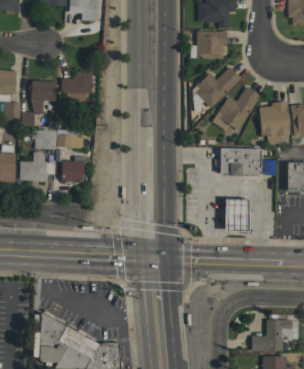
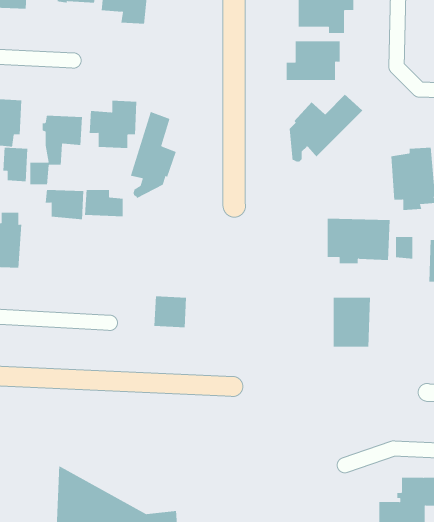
building: none -> [130,111,177,199]
building: [215,86,260,130] -> none
building: [19,151,55,181] -> none
building: [61,160,83,181] -> [154,296,187,328]

